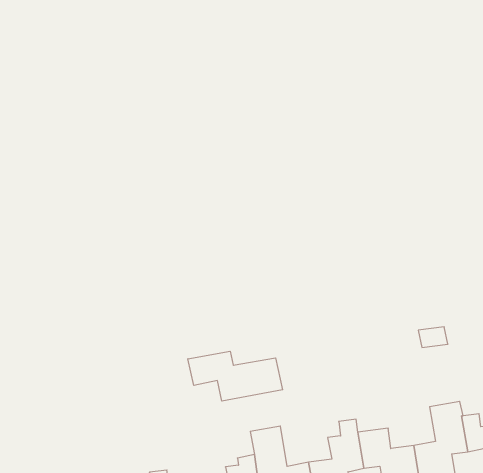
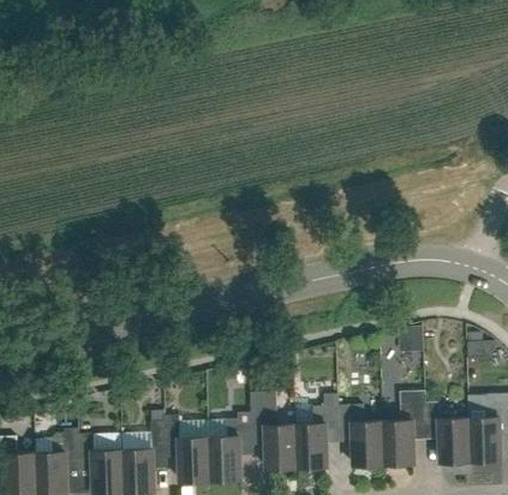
building: [188,351,283,401] -> none

